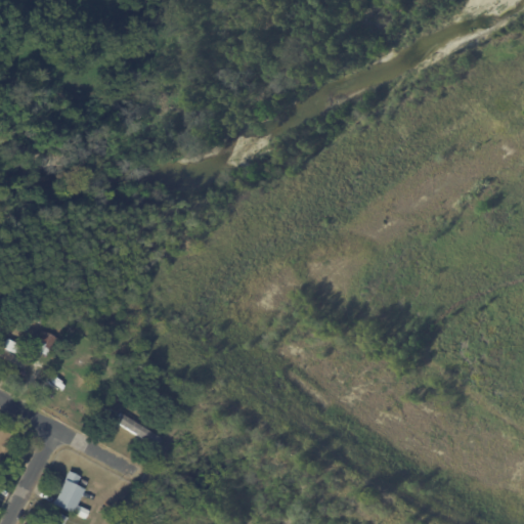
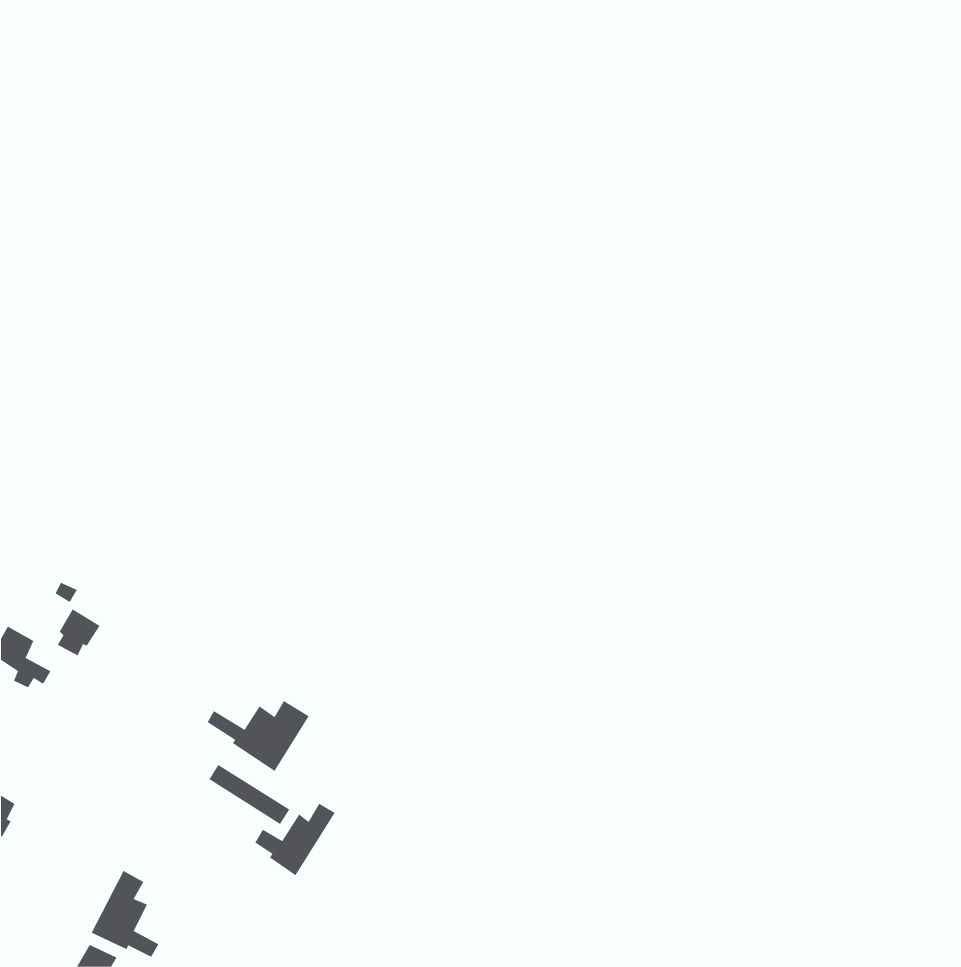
building: none -> [207,700,310,772]
building: none -> [255,803,336,876]

